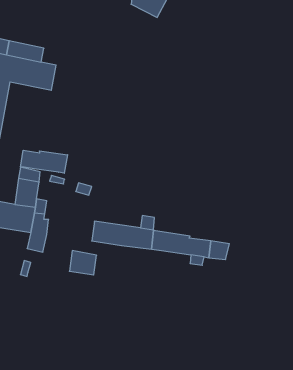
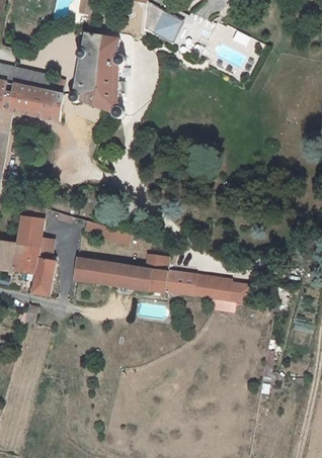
building: none -> [68,32,123,115]
building: [20,150,68,173] -> none
building: [69,251,97,275] -> [74,257,103,283]

